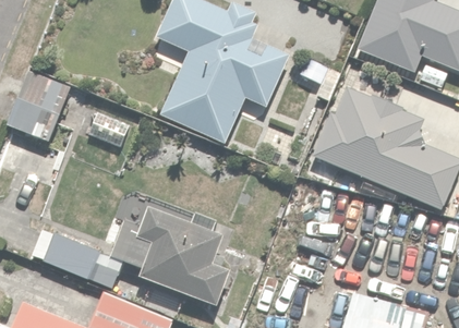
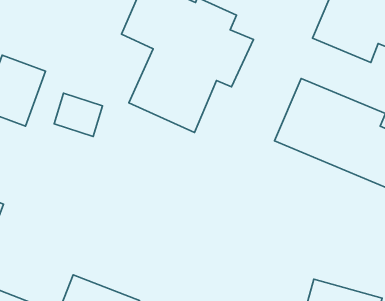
building: [111,208,232,313] -> none
building: [38,231,120,291] -> none

